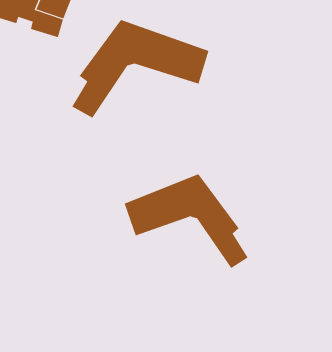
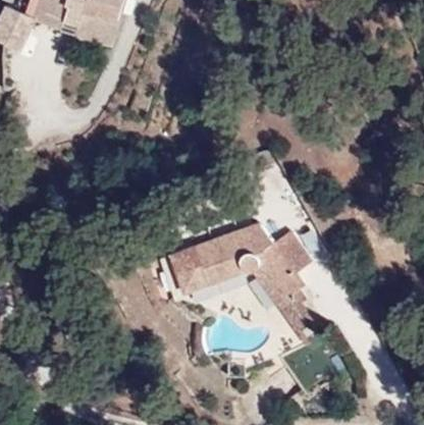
building: [71,19,209,119] -> none

